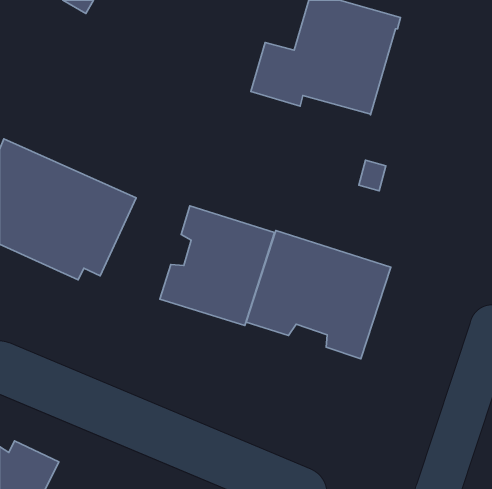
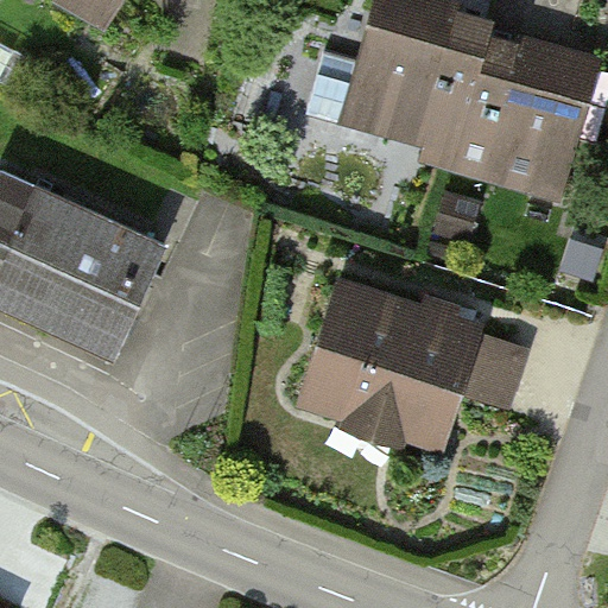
building: none -> [450,40,595,185]
building: [160,206,275,326] -> none

